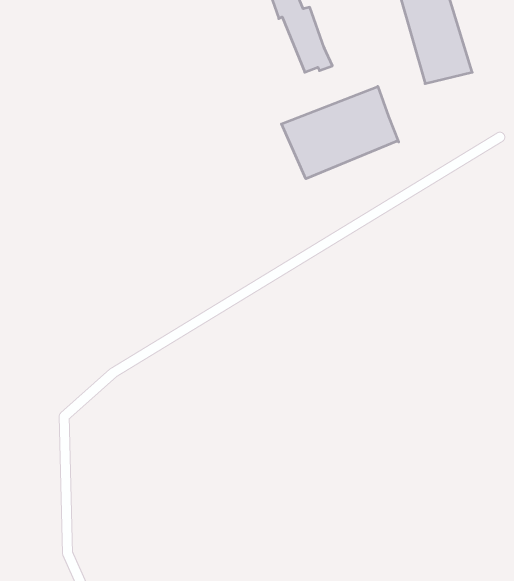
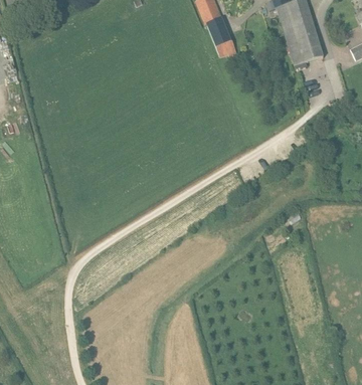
building: [281,86,399,179] -> none

